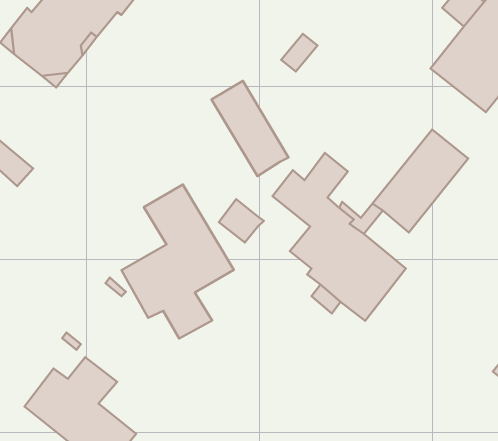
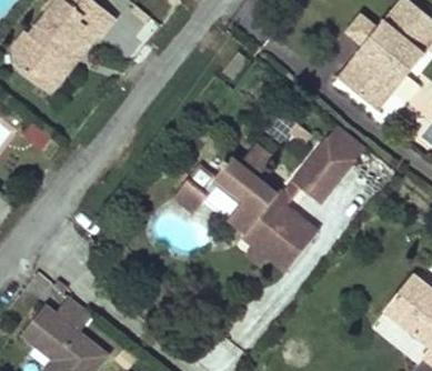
building: [212,81,289,176] -> none
building: [121,185,234,338] -> none

